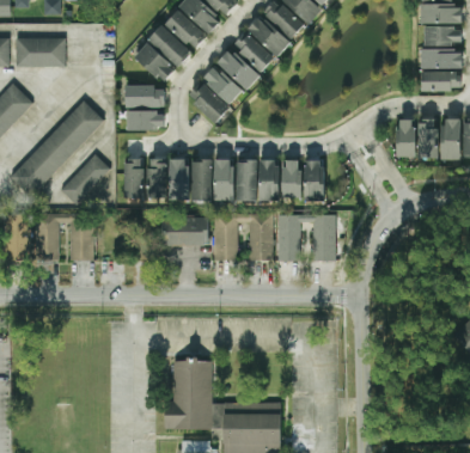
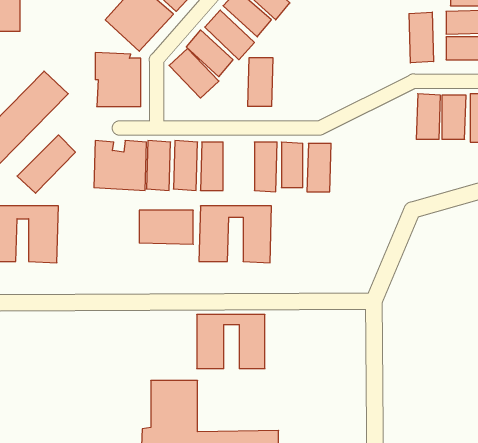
building: none -> [409,12,434,63]
building: [236,160,257,201] -> [248,58,273,106]
building: [277,215,335,261] -> [197,315,265,369]

